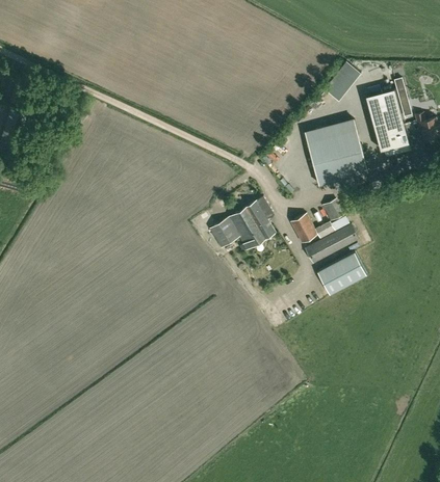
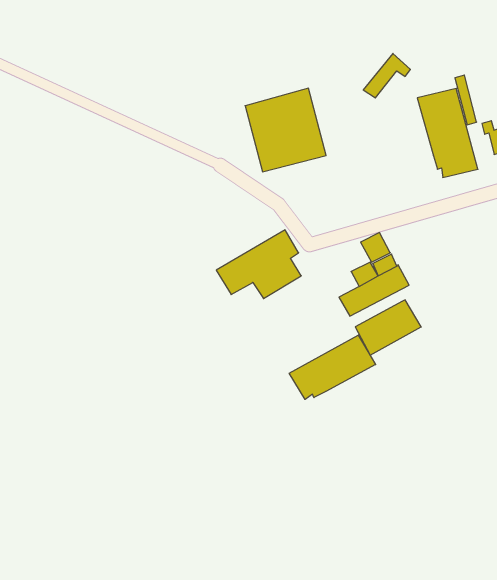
building: [305,120,367,185] -> [245,88,326,172]
building: [290,214,317,244] -> none
building: none -> [289,335,376,399]

